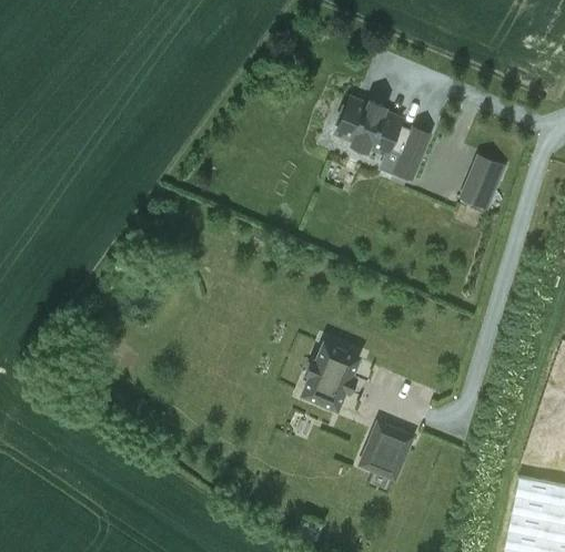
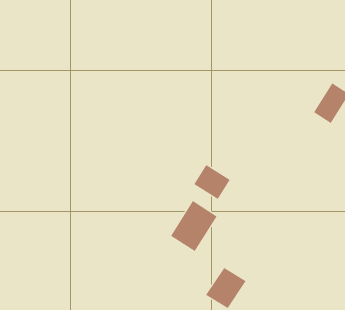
building: [336,101,428,178] -> none
building: none -> [193,164,230,200]

